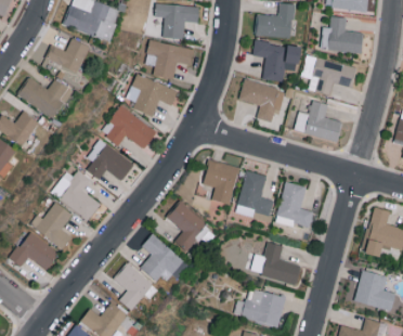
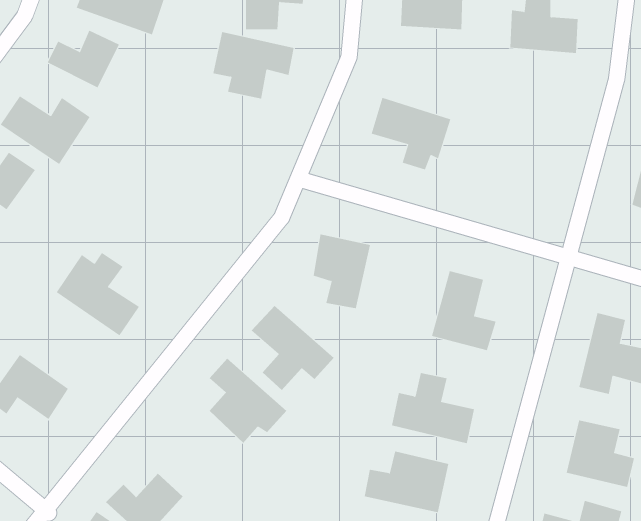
building: [252,40,300,81] -> none
building: [308,57,354,94] -> none
building: [127,74,178,116] -> none
building: [294,100,341,140] -> none
building: [101,105,157,148] -> none
building: [87,140,134,180] -> none
building: [236,170,273,221] -> none
building: [30,202,73,248] -> none
building: [114,263,153,310] -> none

